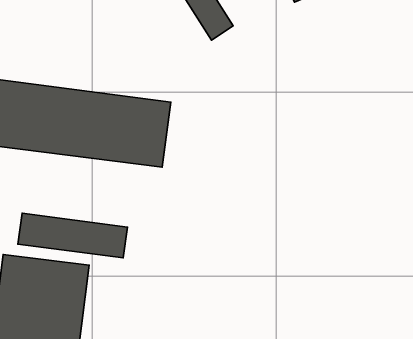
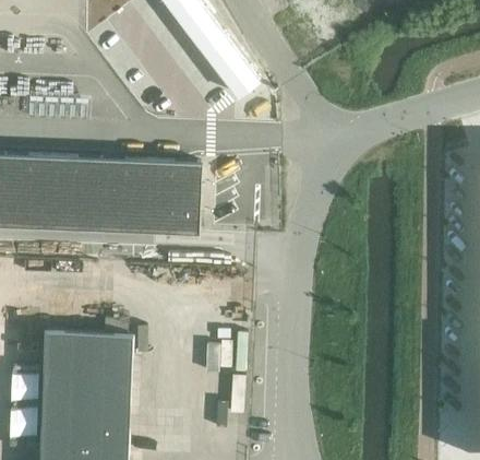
building: [18,213,128,258] -> none

